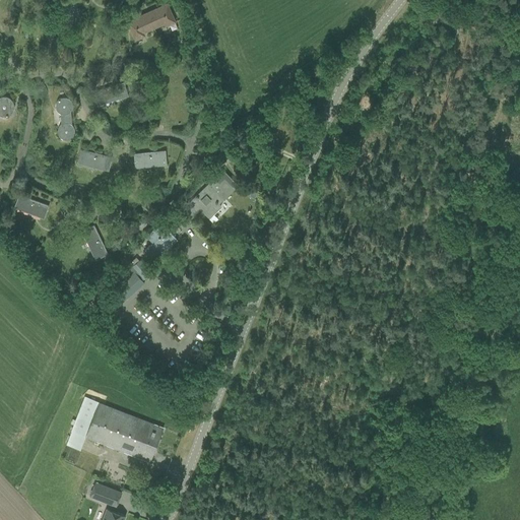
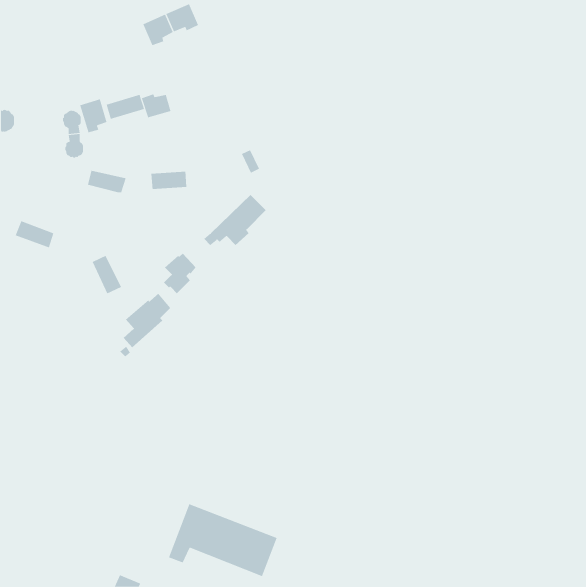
building: none -> [141,93,171,118]
building: none -> [80,99,107,133]
building: [67,397,164,462] -> [168,503,277,577]
building: [90,481,122,507] -> none

